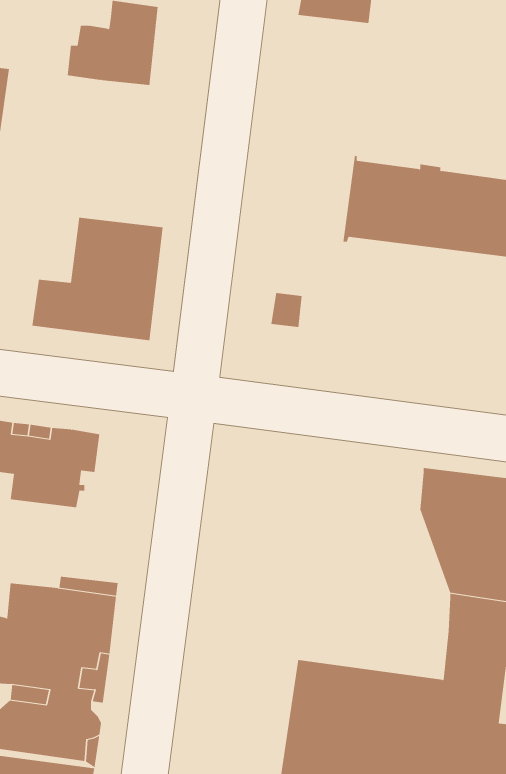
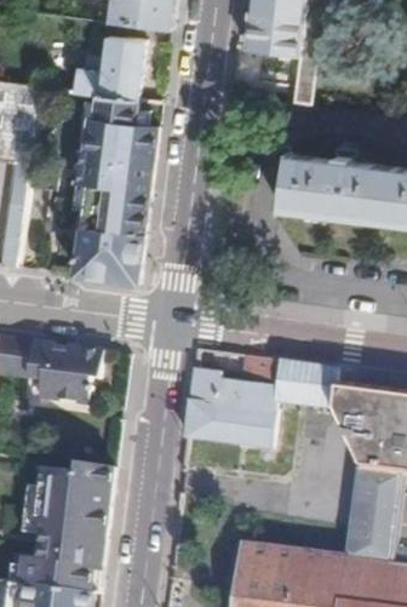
building: none -> [74,97,157,204]
building: none -> [185,353,337,446]

